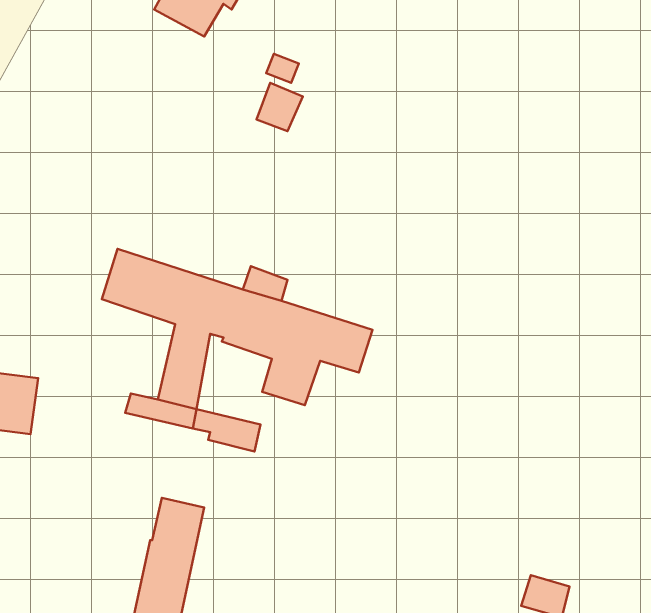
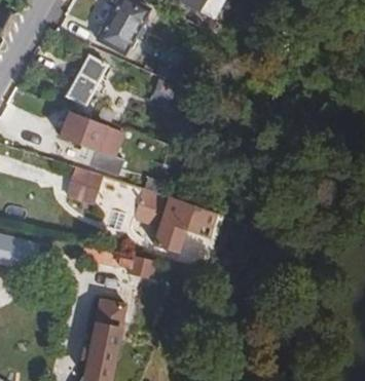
building: none -> [66,54,108,106]
building: none -> [59,112,124,175]

